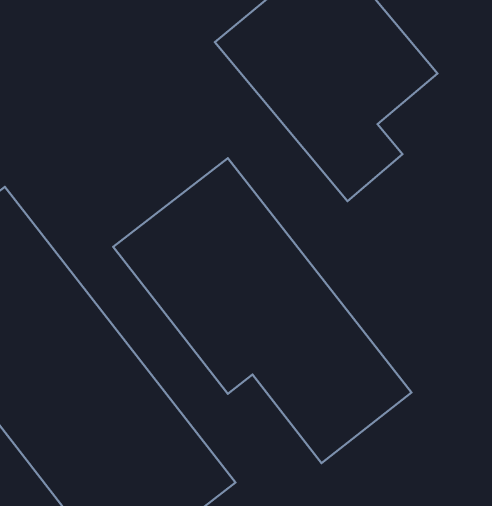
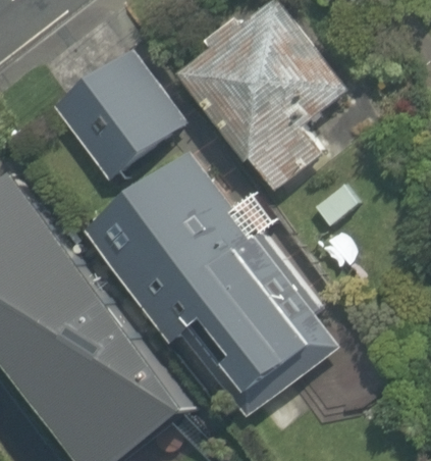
building: none -> [54,47,182,178]

